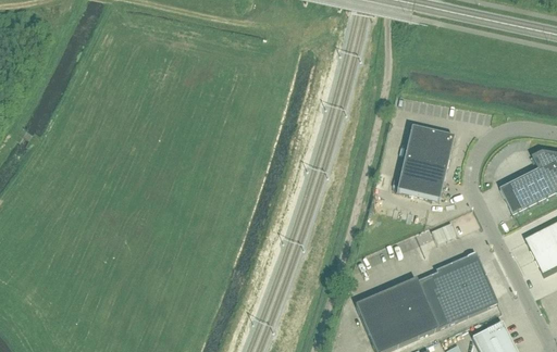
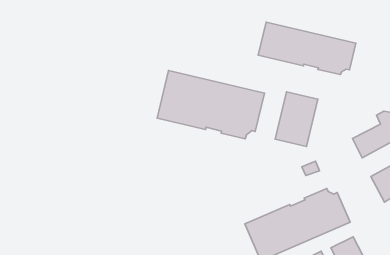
building: none -> [258,22,356,75]
building: none -> [157,70,264,139]

